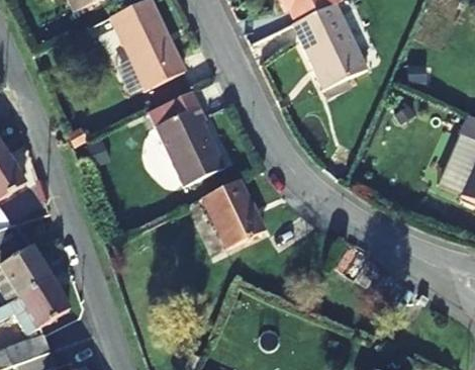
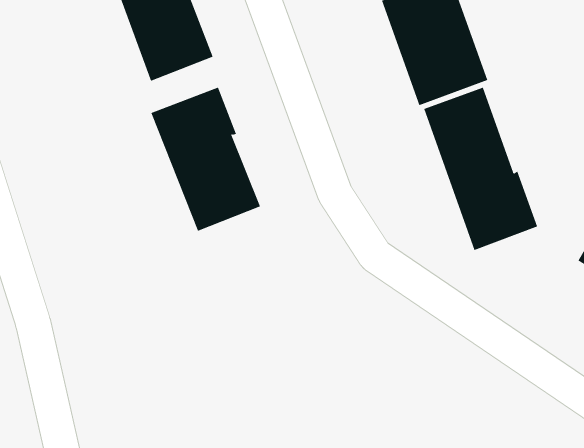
building: none -> [424,87,538,251]
building: [202,181,264,251] -> none

